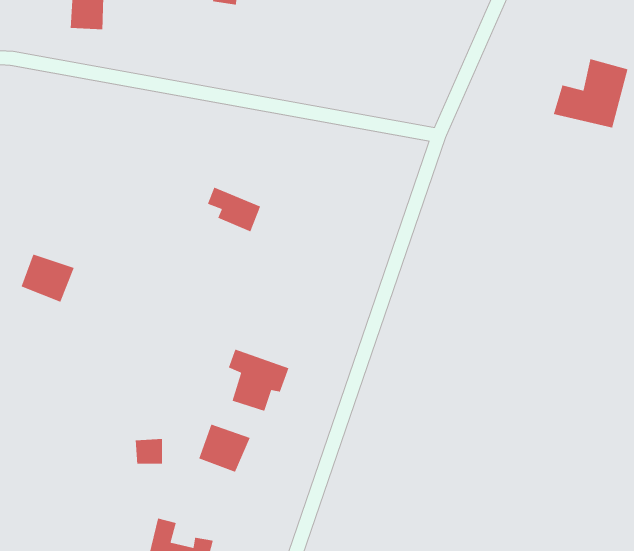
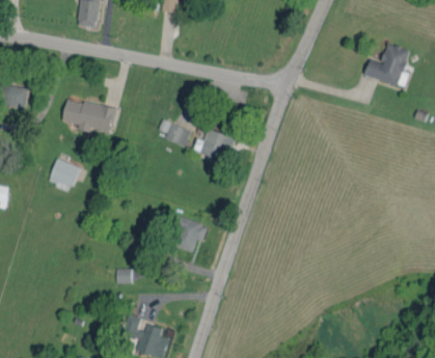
building: none -> [61,97,116,133]
building: none -> [192,129,234,163]
building: [198,424,251,473] -> none

